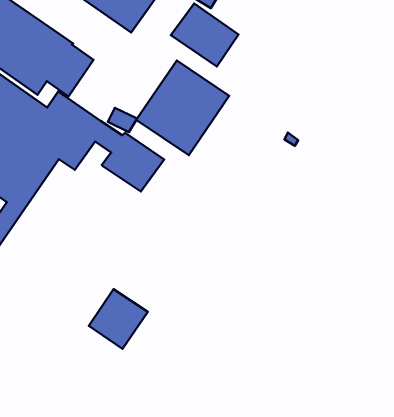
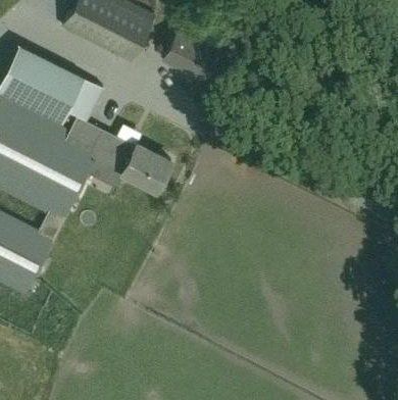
building: [136,60,229,155] -> none
building: [89,289,148,349] -> none

